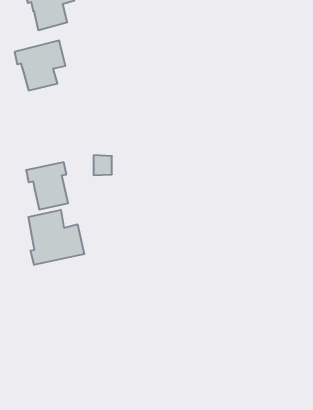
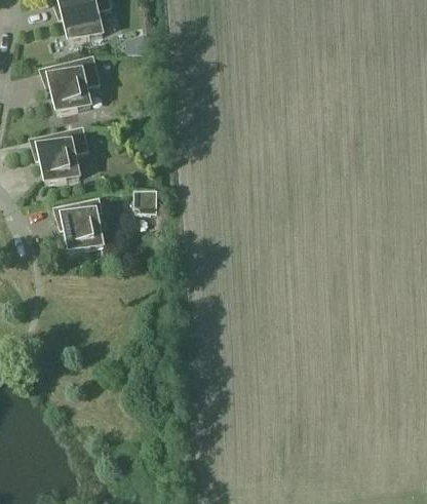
building: none -> [31,126,88,185]
building: [28,210,84,265] -> none

